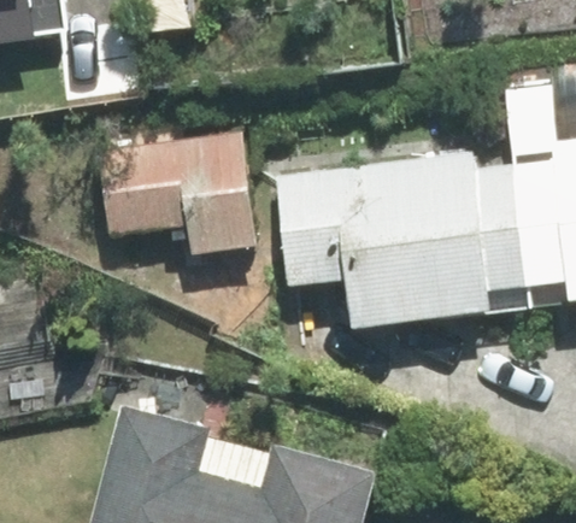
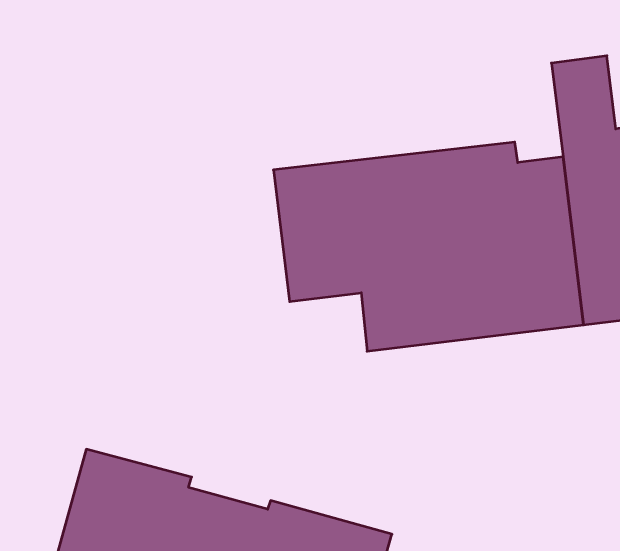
building: [98,133,255,253] -> none

